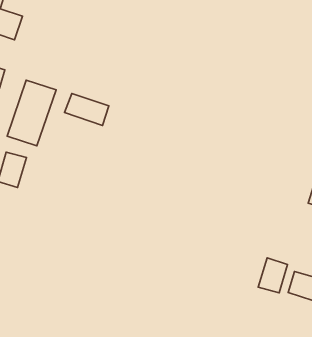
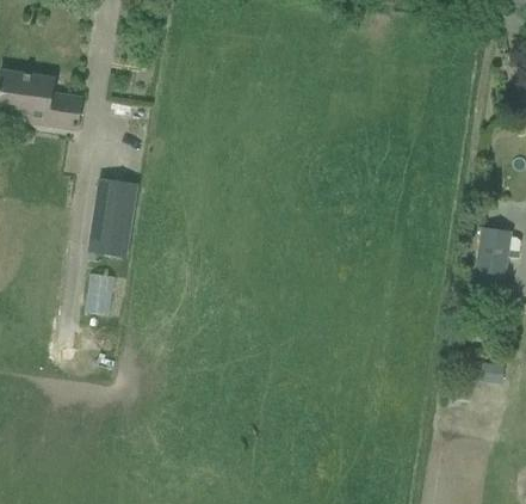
building: [64,93,109,125] -> none
building: [258,258,287,293] -> none

